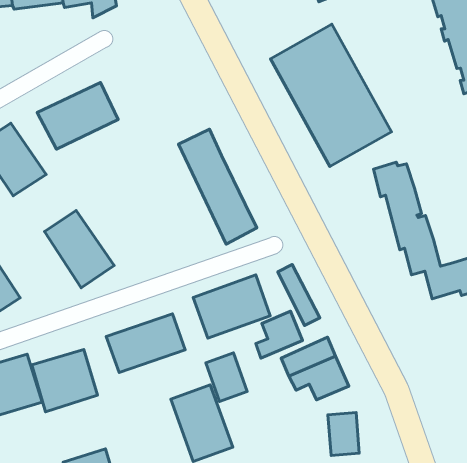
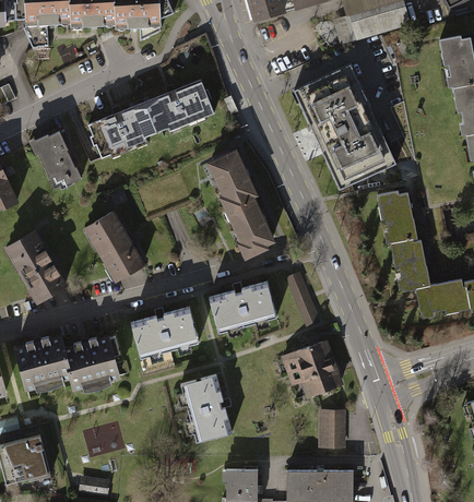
building: none -> [144,77,215,134]
building: [256,311,302,358] -> none
building: [206,353,247,401] -> none

